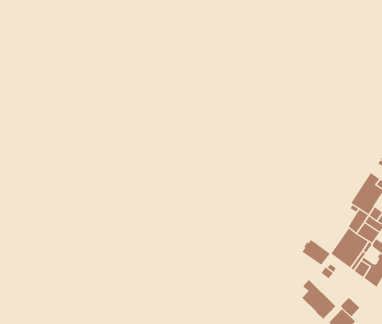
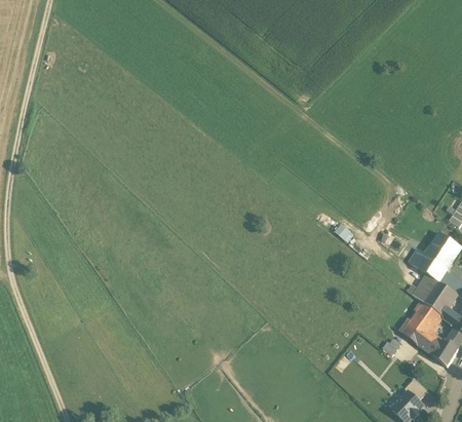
building: [302,239,330,265] -> none
building: [302,279,336,320] -> none

